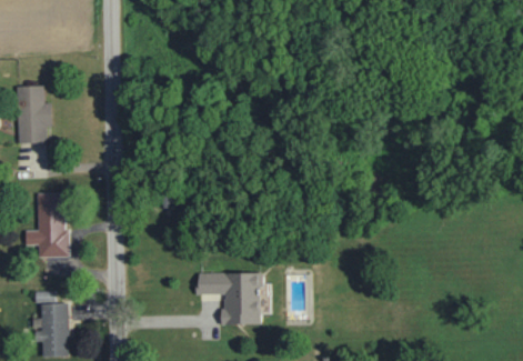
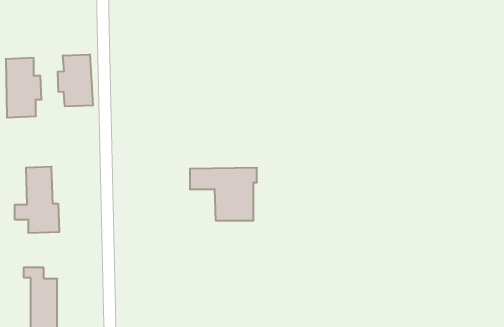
building: none -> [58,54,93,106]
building: [198,273,264,325] -> [190,168,257,220]

